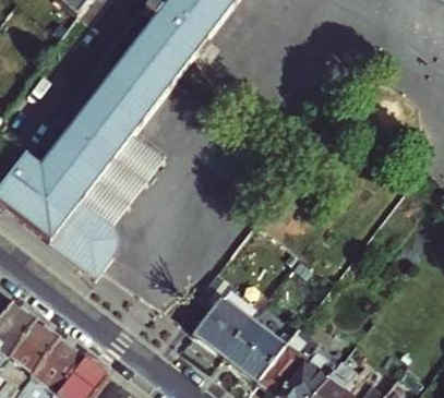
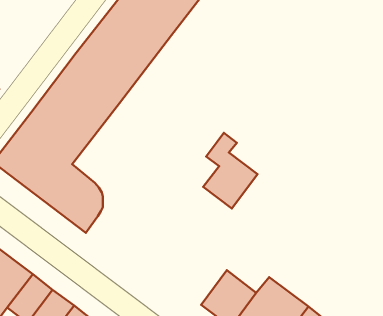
building: [82,134,165,228] -> none
building: [193,274,253,358] -> [203,133,257,209]

